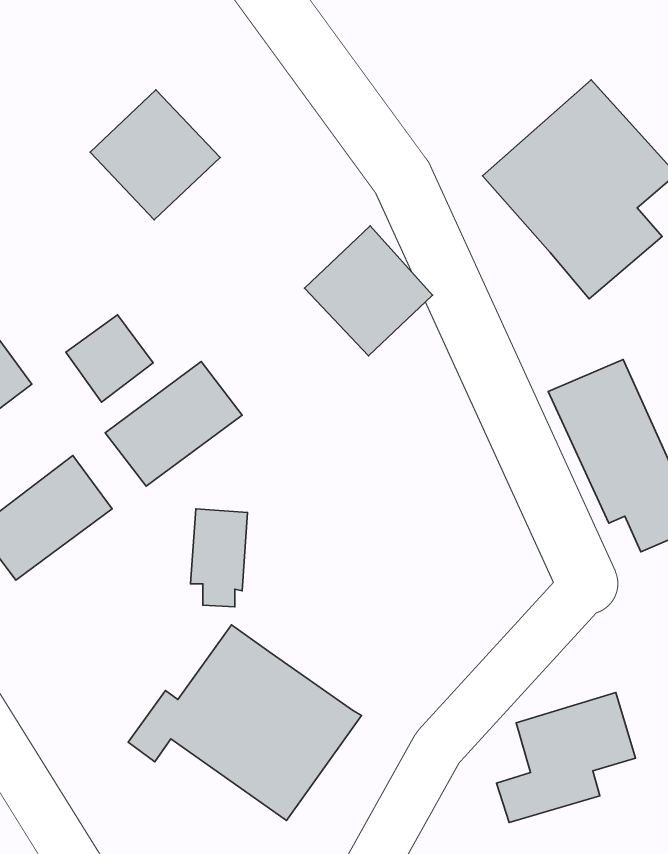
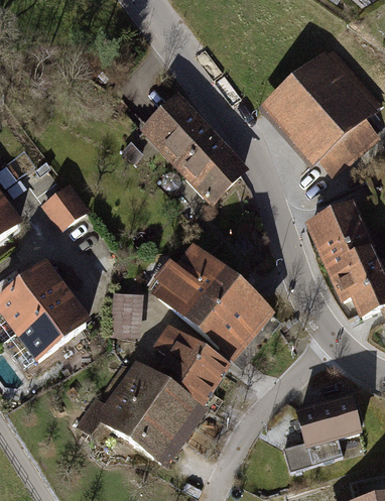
building: [90,90,220,220] -> [138,93,212,166]
building: [105,362,242,486] -> [11,291,89,362]
building: none -> [147,242,272,361]
building: none -> [148,324,228,405]

